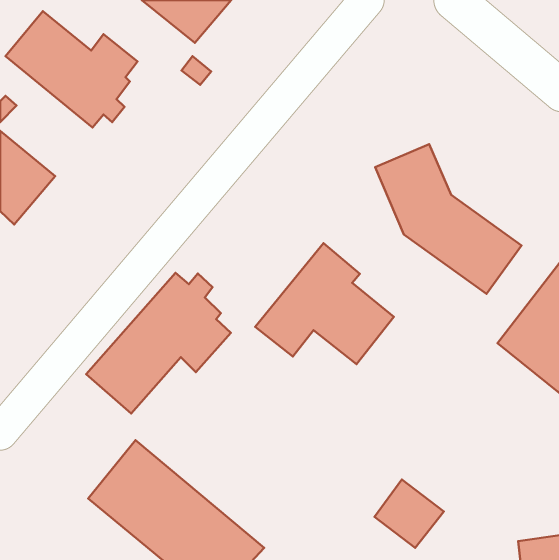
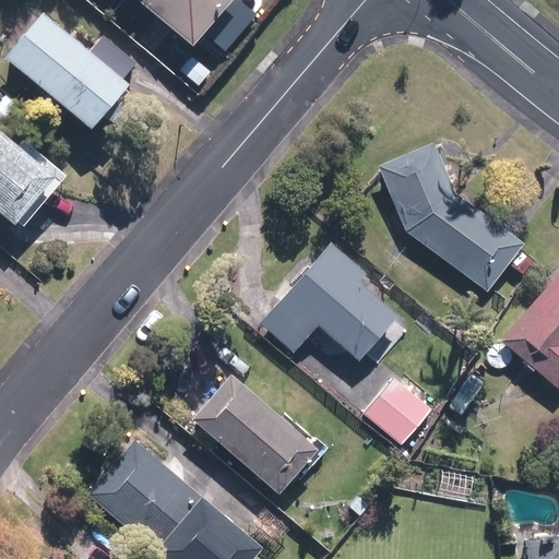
building: [86,273,231,414] -> none
building: none -> [195,373,321,495]
building: [374,480,444,548] -> [360,379,429,447]

